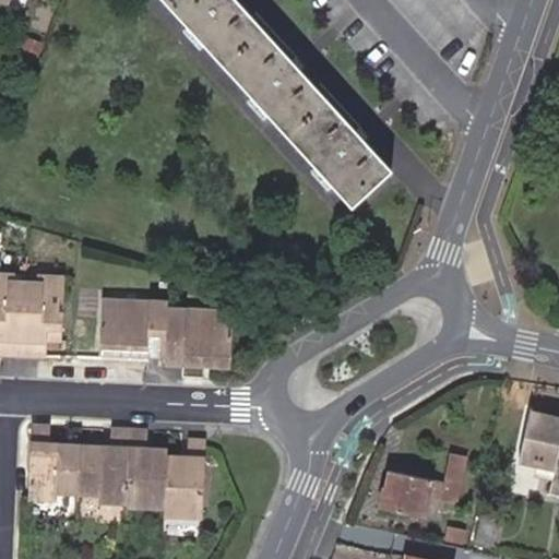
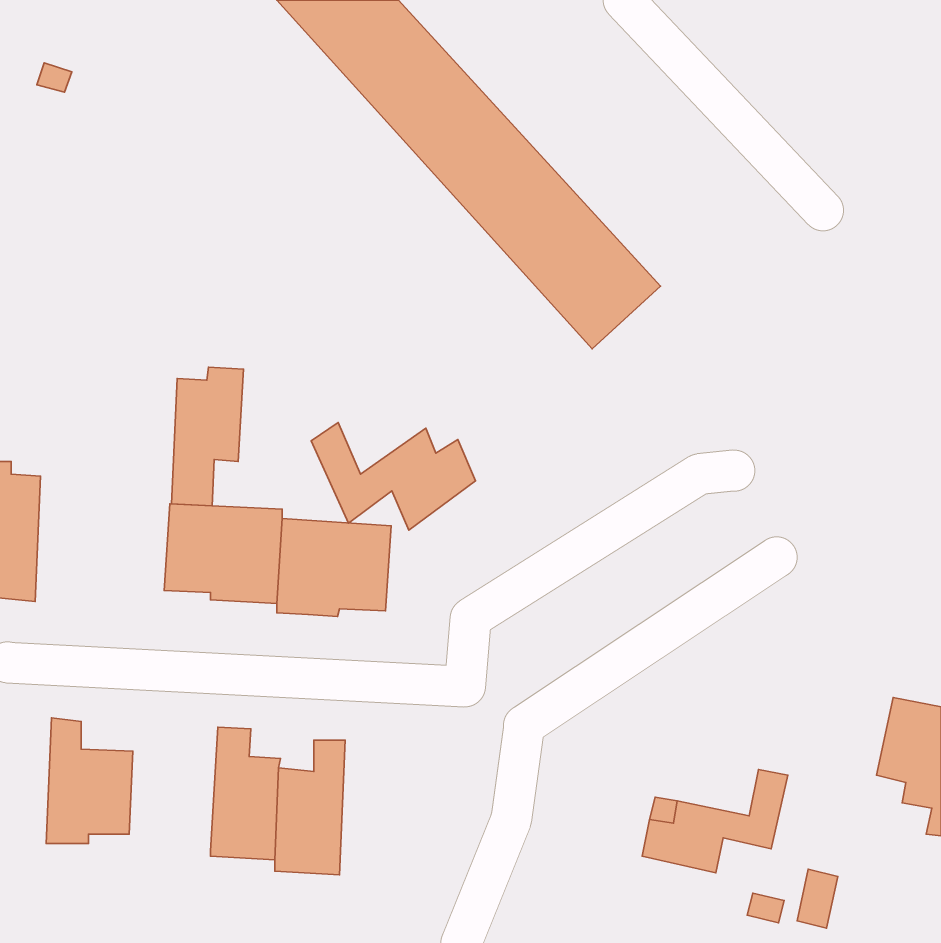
building: none -> [311,422,476,530]
building: [21,275,63,357] -> [172,367,244,506]
building: [76,429,129,503] -> none

